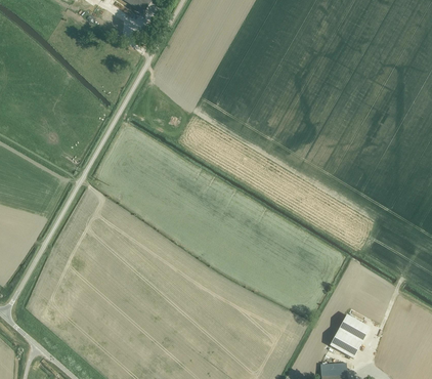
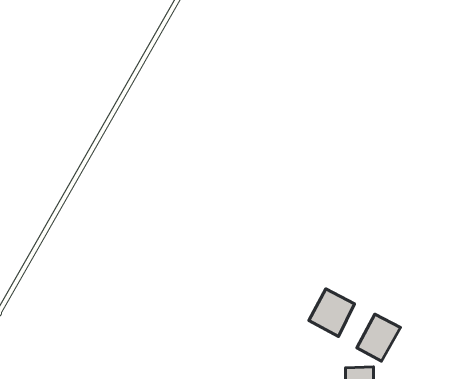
building: none -> [309,289,355,337]

